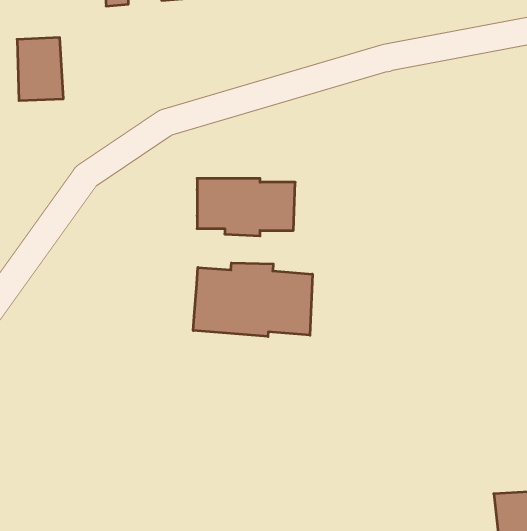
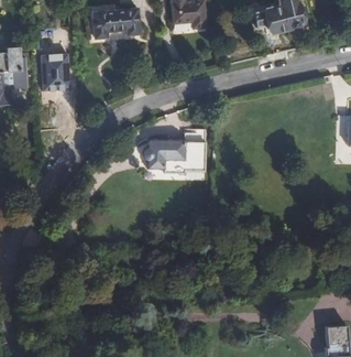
building: [193,263,312,337] -> none

